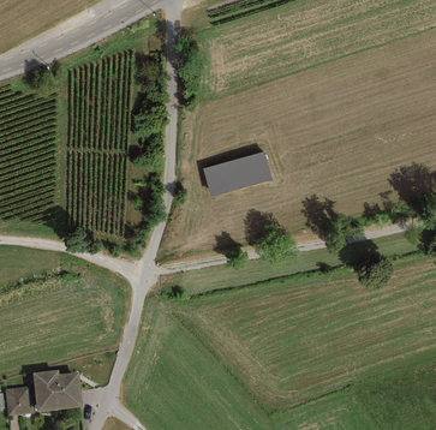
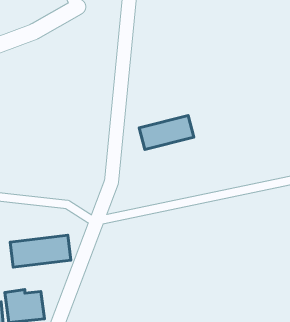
building: none -> [10,235,71,267]

